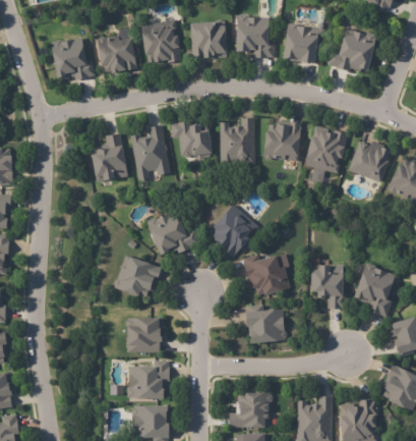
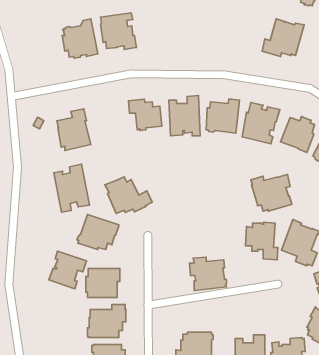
building: [233,14,274,57] -> none
building: [192,20,229,59] -> none
building: [280,22,321,63] -> none
building: [50,38,96,79] -> none
building: [130,124,172,180] -> [54,164,90,212]
building: [207,205,259,258] -> none
building: [242,253,290,295] -> [251,174,292,211]
building: none -> [49,251,87,289]

